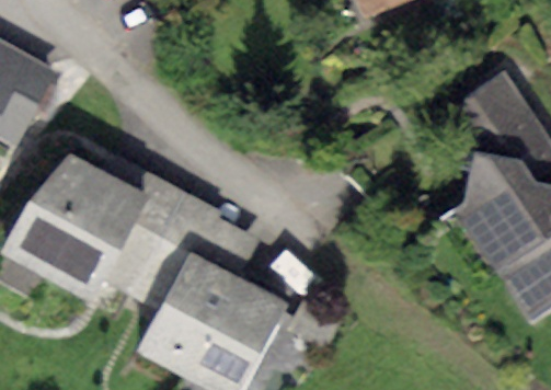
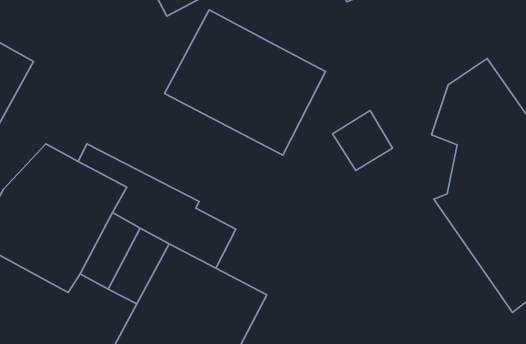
building: none -> [165,10,325,155]

